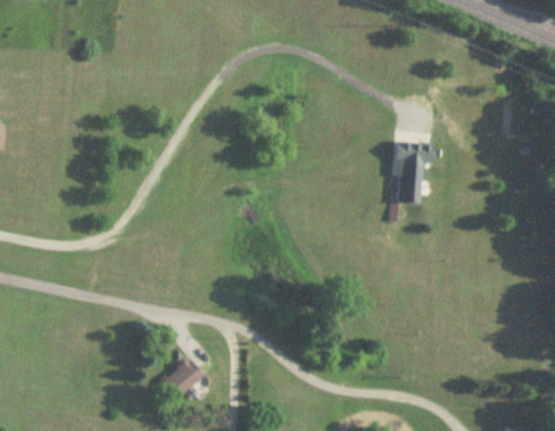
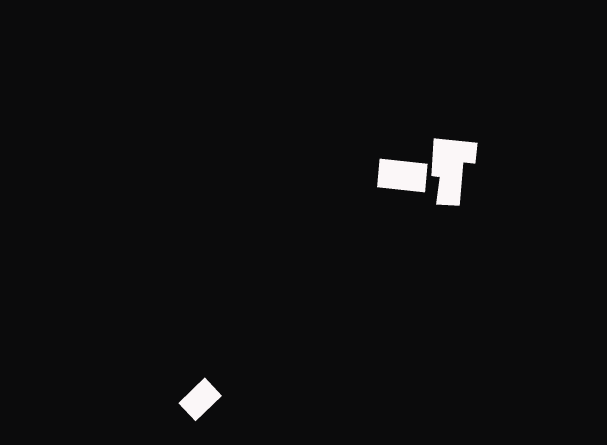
building: none -> [376,158,428,193]

